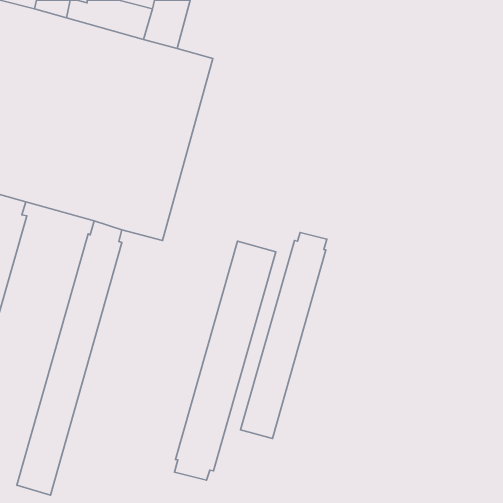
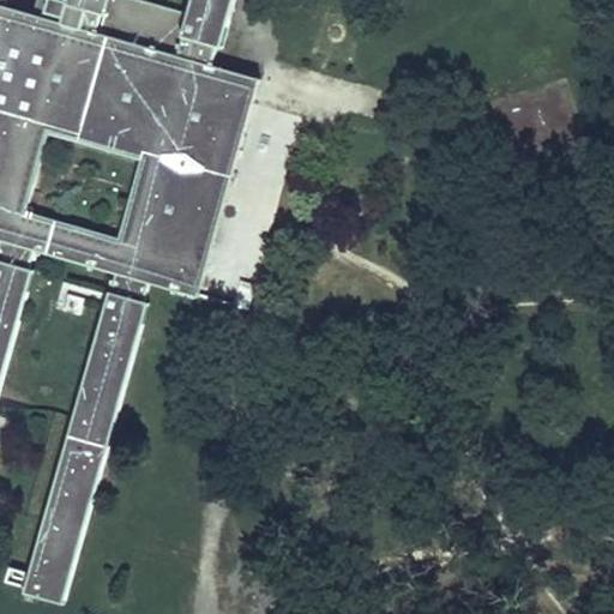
building: [241,232,327,438] -> none
building: [175,241,276,480] -> none

